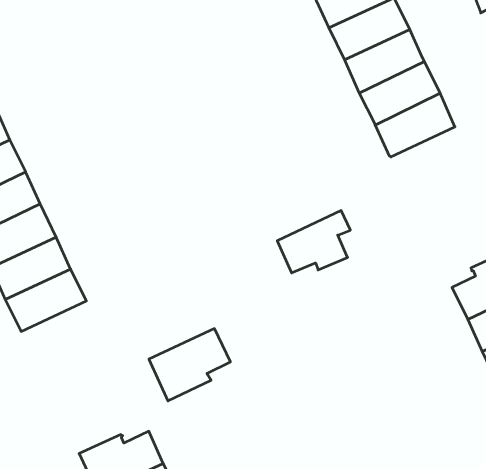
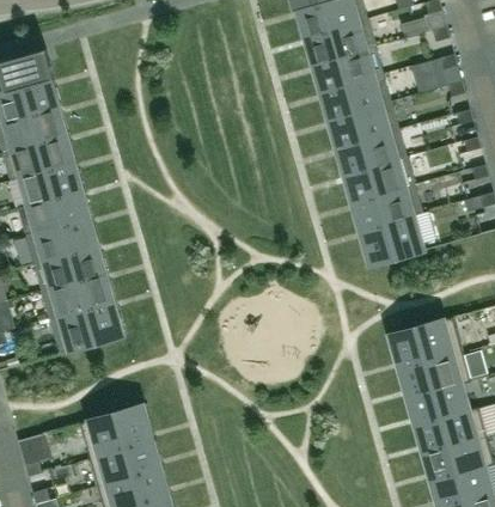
building: [277,211,350,273] -> [367,213,427,257]
building: [149,329,230,401] -> [49,303,114,354]

